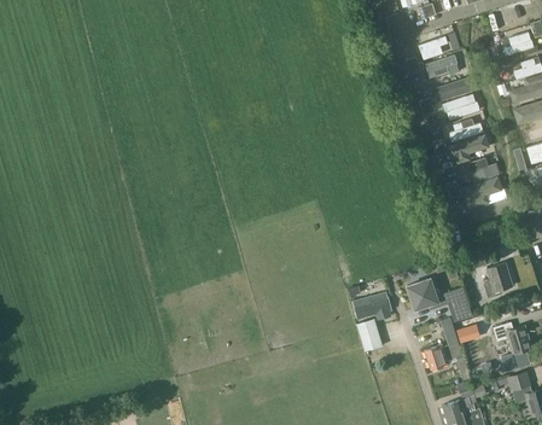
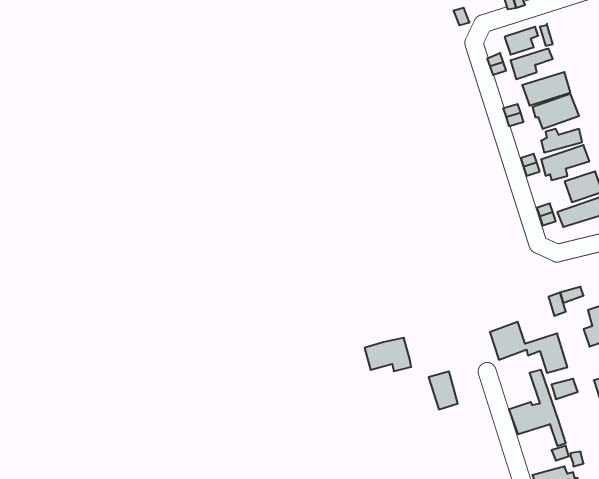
building: [352,293,391,321] -> [365,338,411,371]

